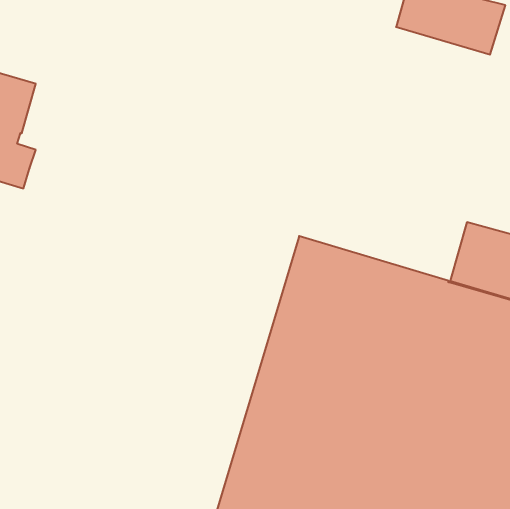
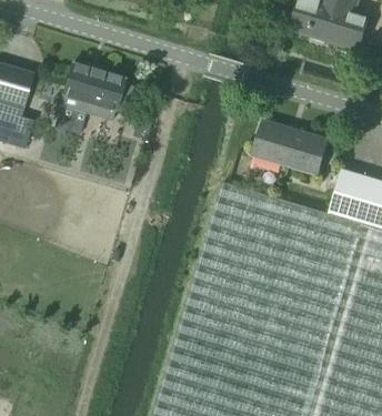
building: none -> [61,64,133,120]
building: none -> [255,122,329,175]

